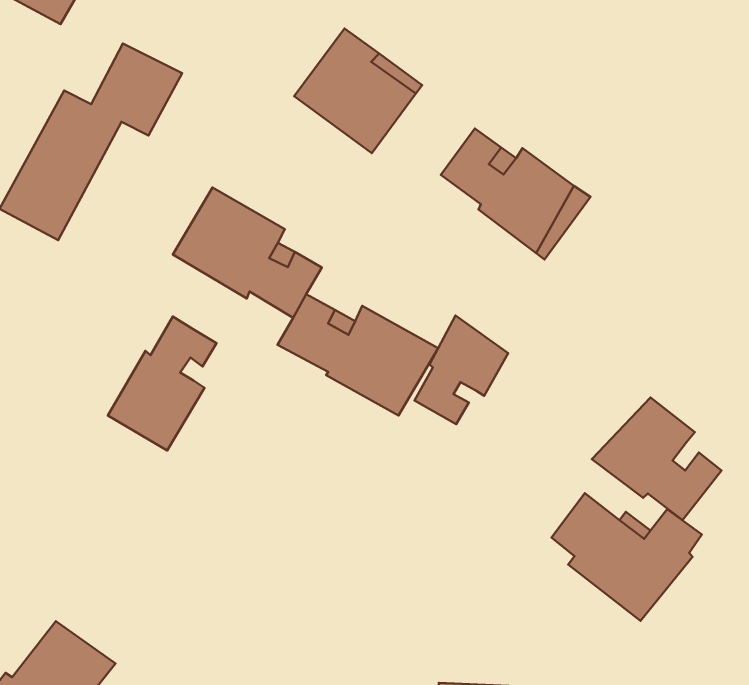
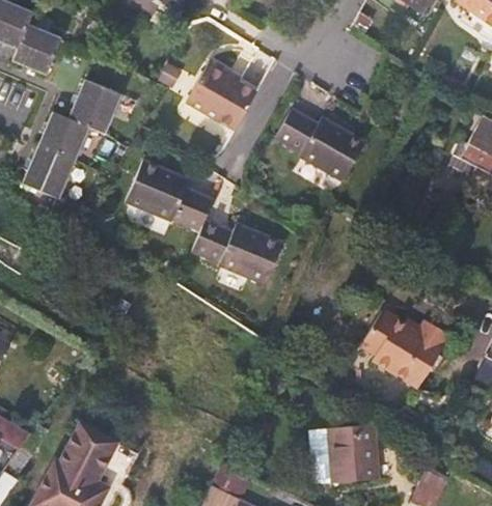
building: [415,315,508,424] -> none
building: [108,317,217,450] -> none
building: [592,398,721,520] -> none

